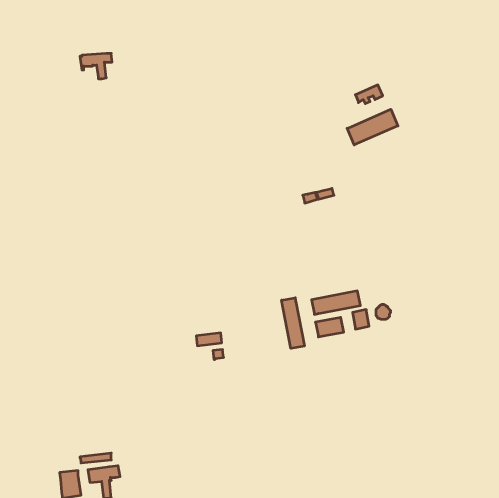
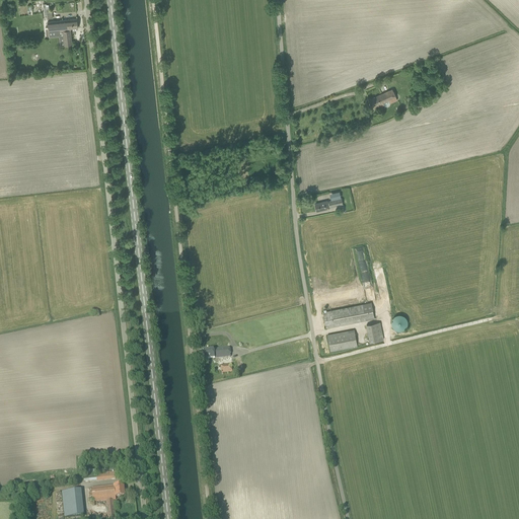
building: [80,53,112,79] -> [45,18,78,45]
building: [347,109,398,145] -> none
building: [282,298,304,348] -> none

